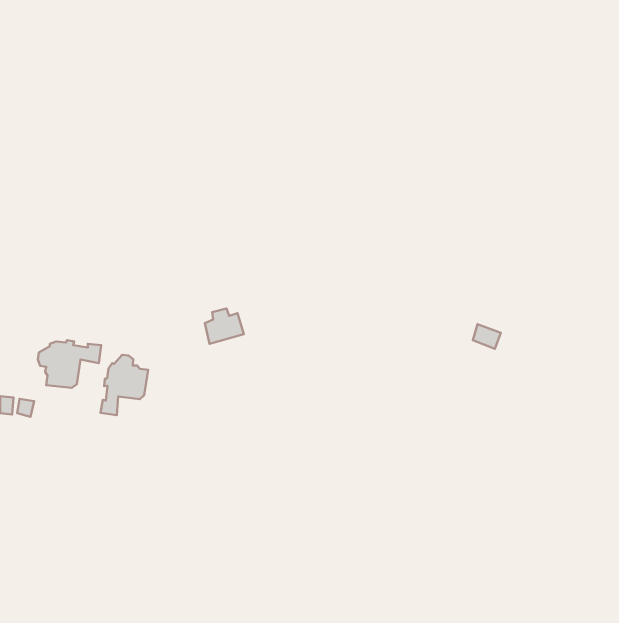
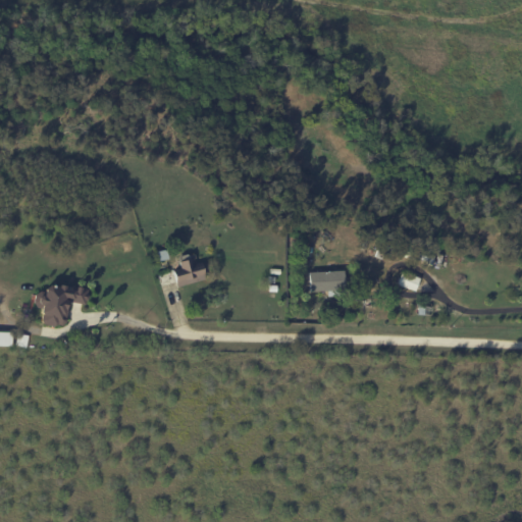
building: none -> [310,270,347,293]
building: [101,355,148,415] -> none

